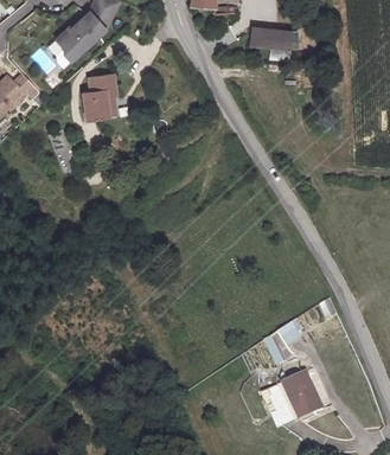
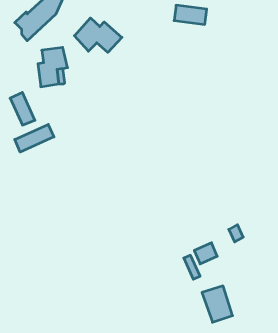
building: none -> [74,18,122,52]
building: none -> [15,124,54,152]

